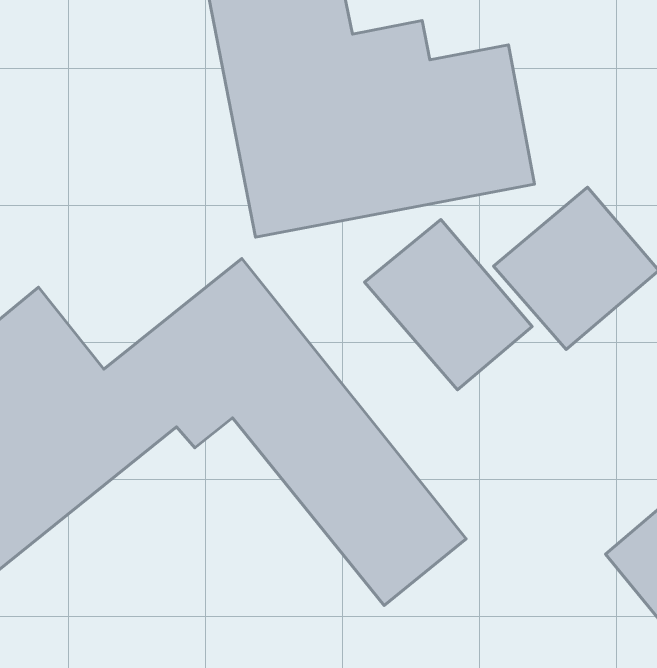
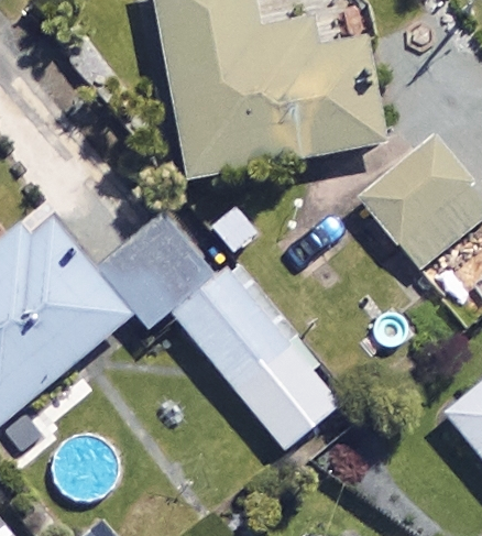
building: [365,219,532,390] -> none

